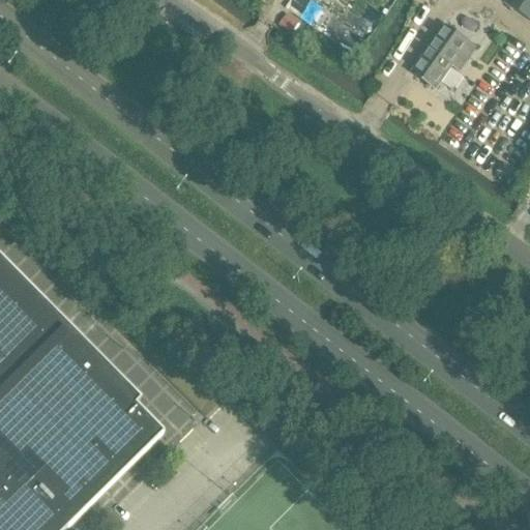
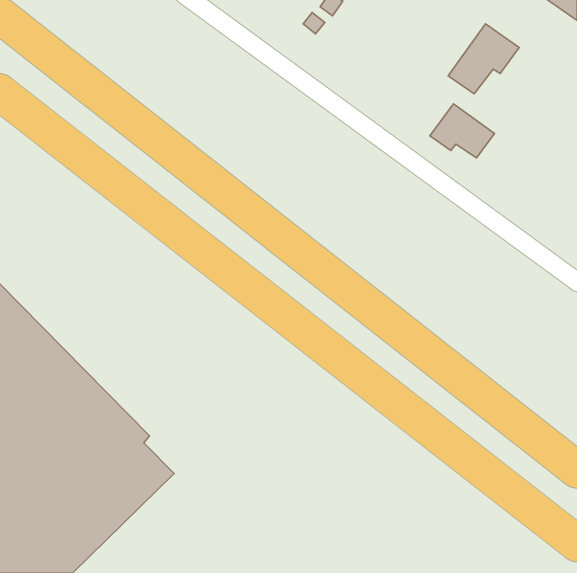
building: none -> [430,104,494,158]

